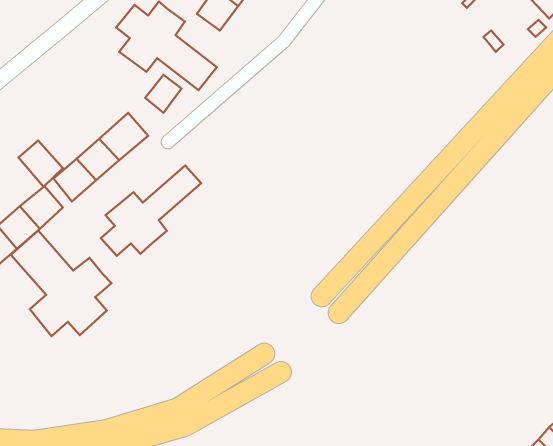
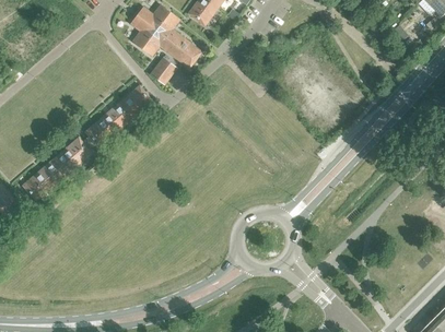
building: [19,140,63,187] -> none
building: [101,166,201,256] -> none
building: [11,230,111,336] -> none

